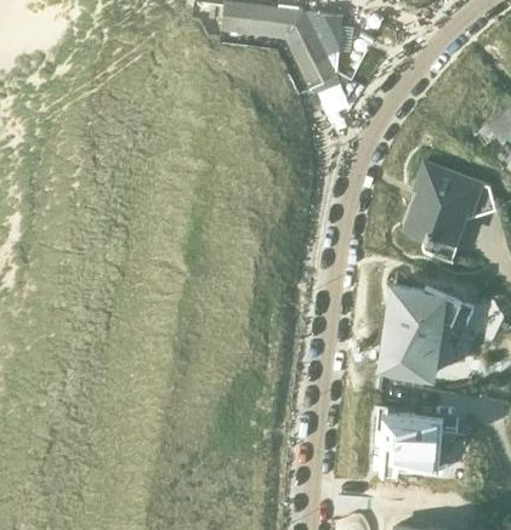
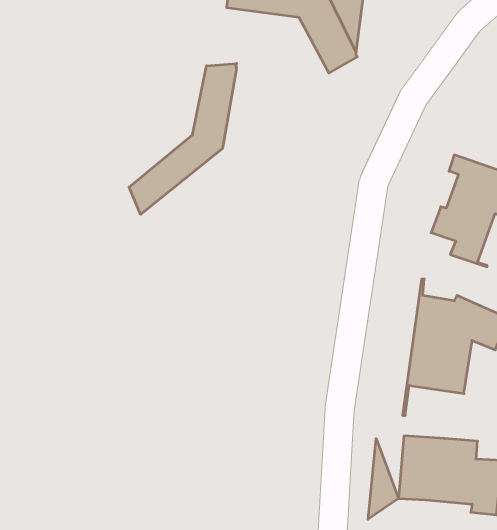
building: none -> [129,63,237,214]
building: none -> [368,439,398,519]

